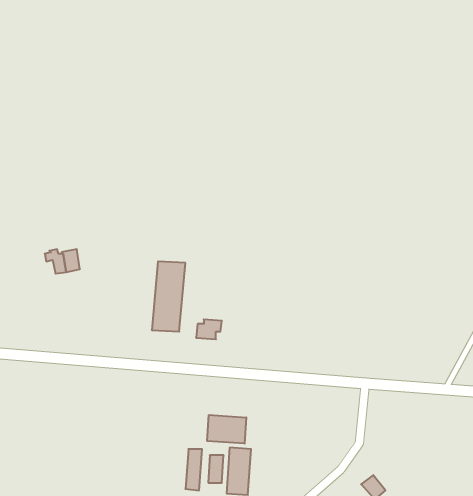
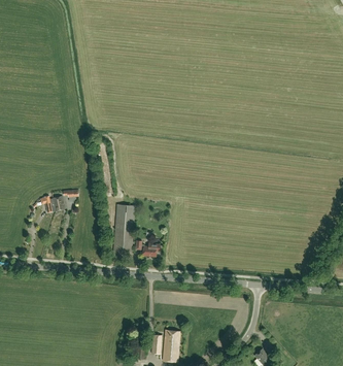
building: [207,415,246,444] -> none

